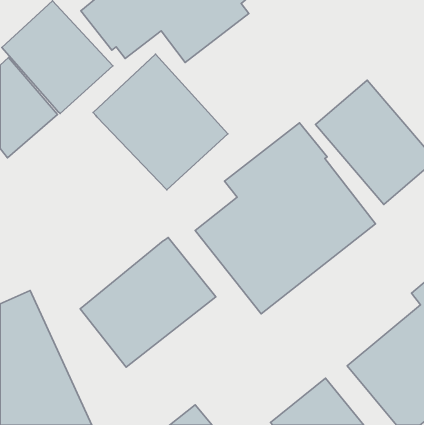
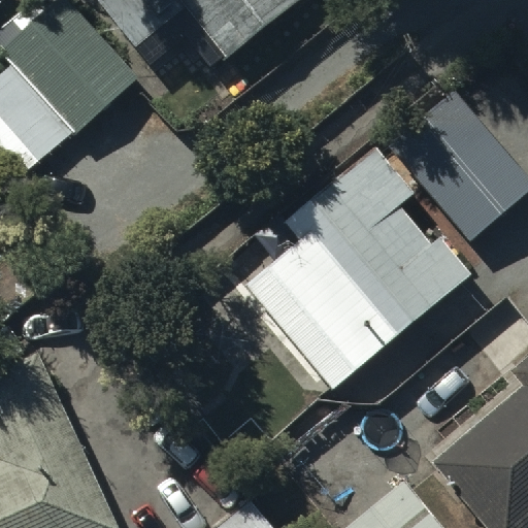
building: [93,54,228,190] -> none
building: [80,237,216,367] -> none

